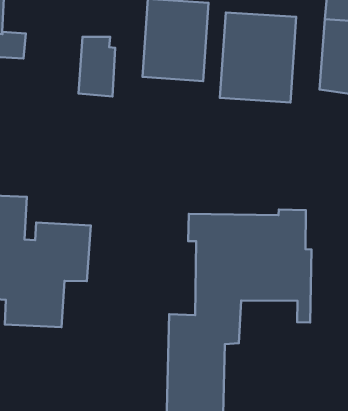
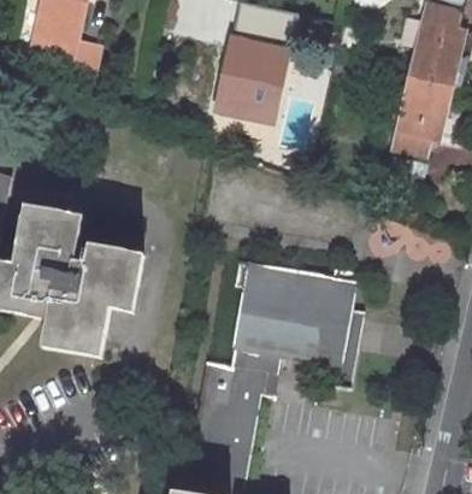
building: [220,12,296,103] -> none
building: [78,37,115,96] -> none

